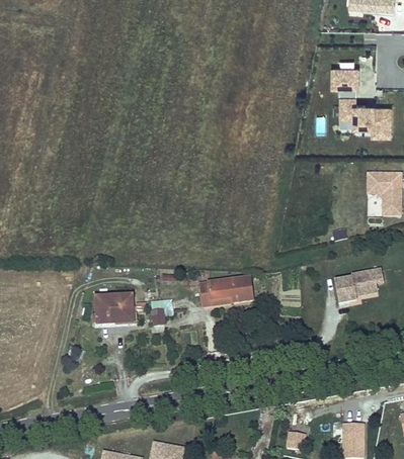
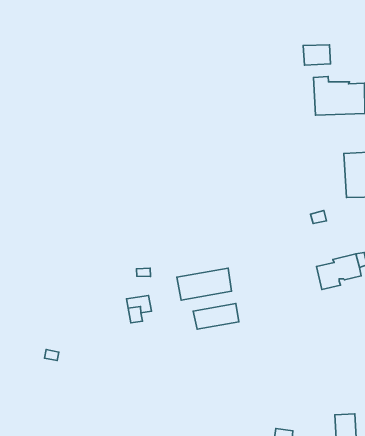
building: [94,295,133,323] -> none
building: none -> [193,303,239,329]

